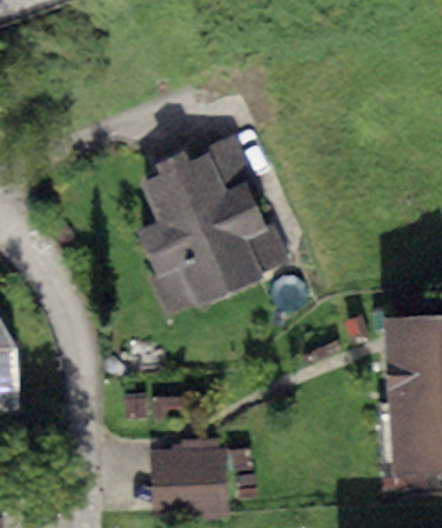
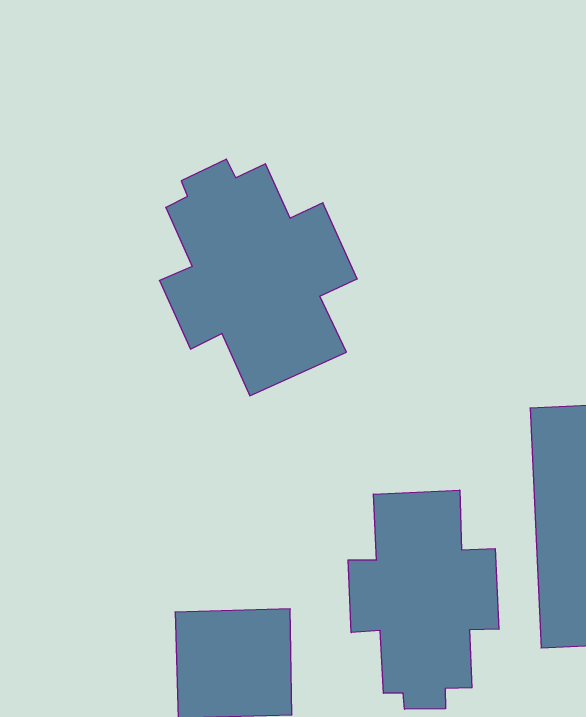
building: none -> [348,490,499,709]

